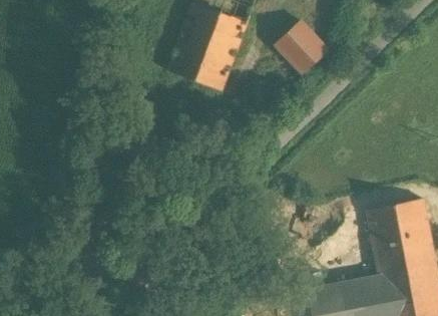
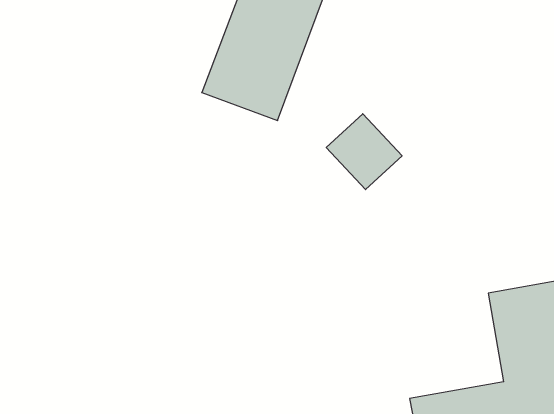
building: [273,20,327,74] -> [326,114,402,190]

